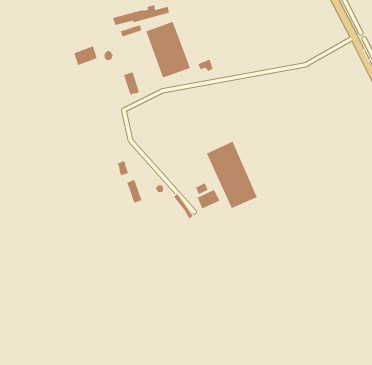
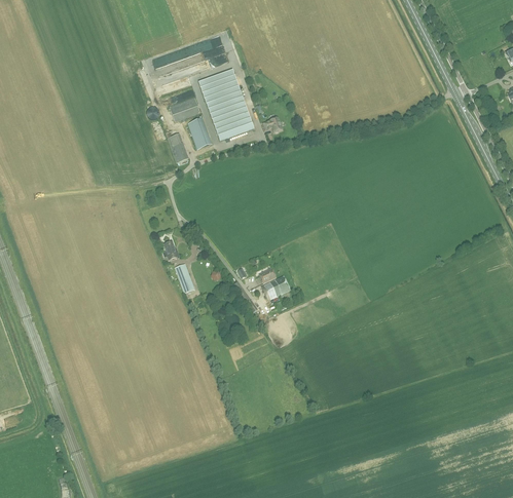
building: [73,46,98,66] -> [169,97,198,121]
building: none -> [186,117,210,148]
building: [206,141,258,209] -> none

